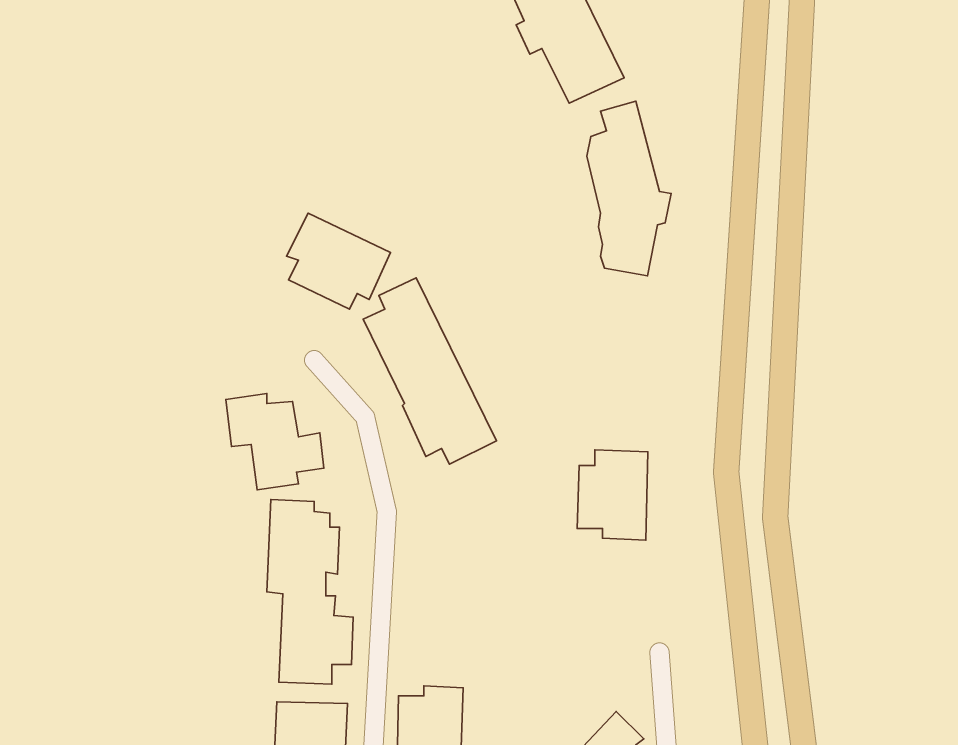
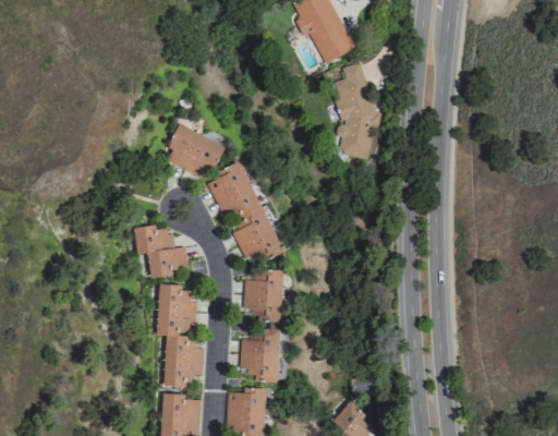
building: [577,450,648,540] -> [244,270,283,320]
building: none -> [241,328,280,382]

